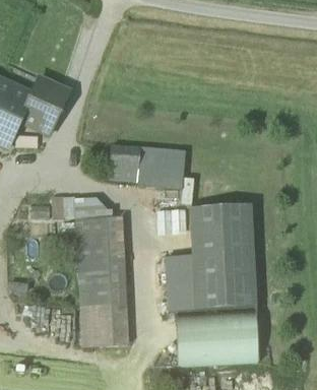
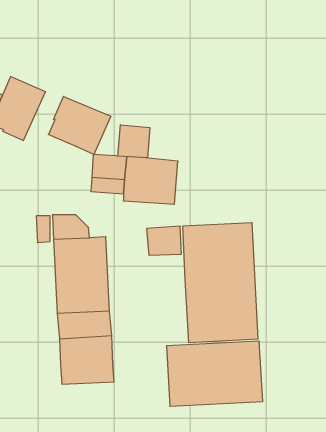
building: none -> [48,96,111,154]
building: none -> [118,125,150,158]
building: [167,255,194,311] -> none

